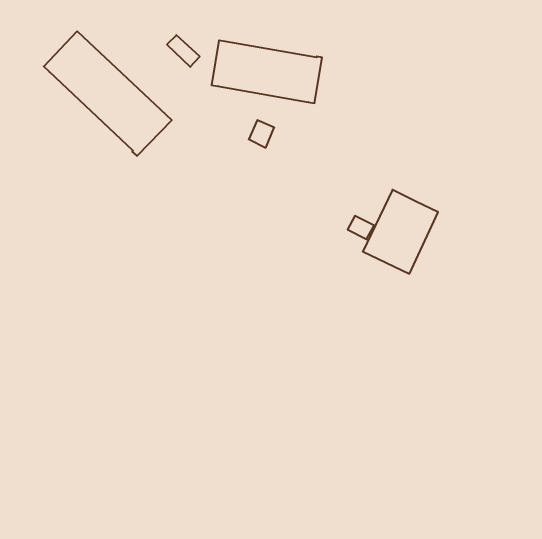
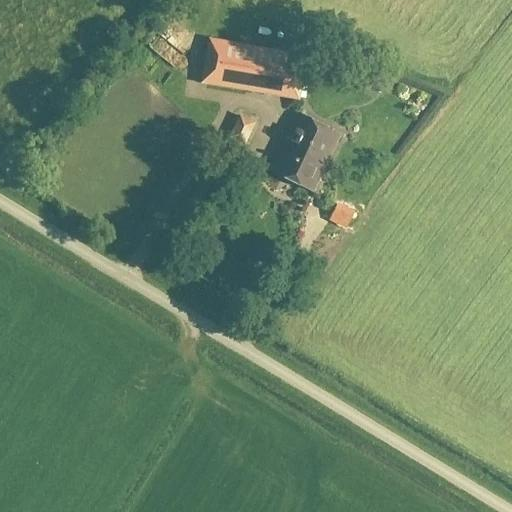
building: [44,31,172,156] -> none
building: [363,190,438,274] -> [267,111,338,190]

